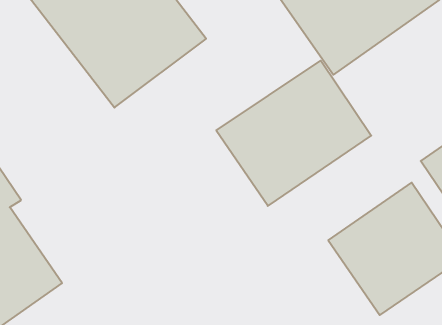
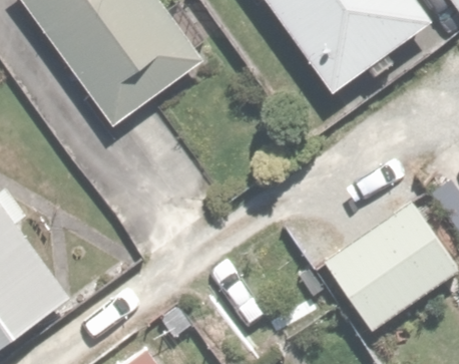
building: [216,61,371,206] -> none

